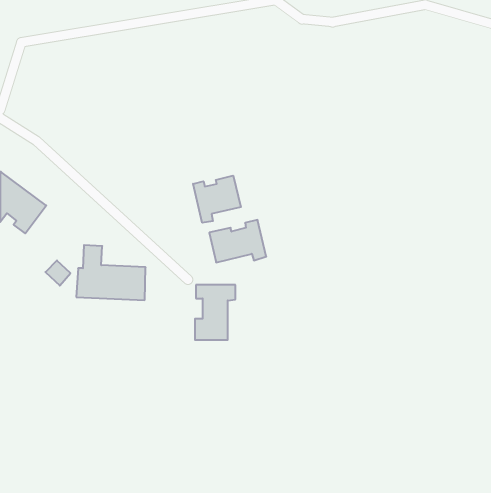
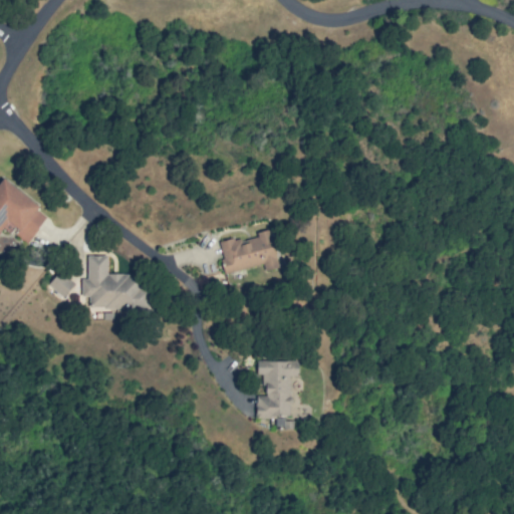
building: [193,176,241,223] -> none
building: [195,285,235,340] -> [257,360,299,418]

